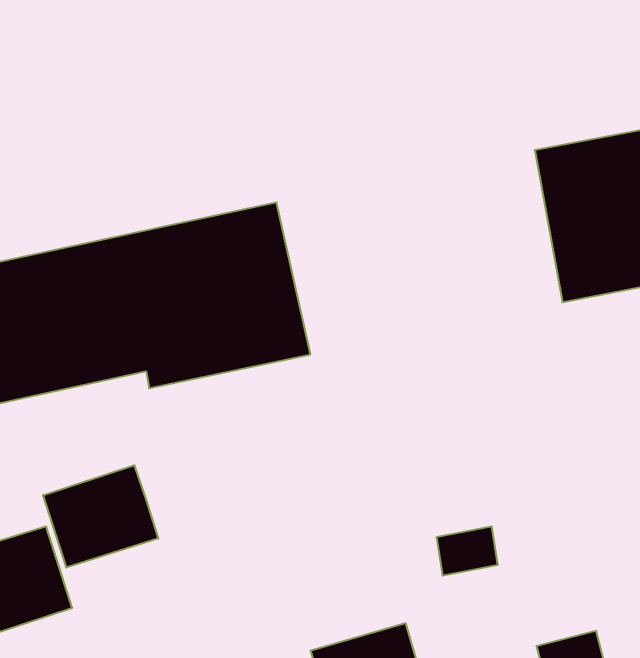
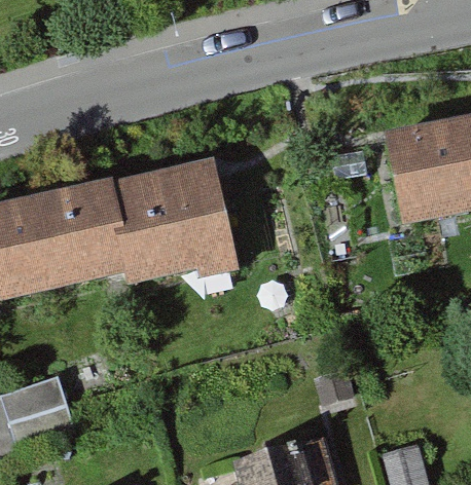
building: [43,465,158,568] -> none

